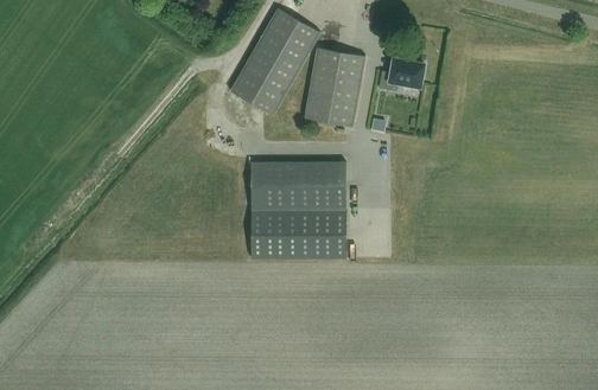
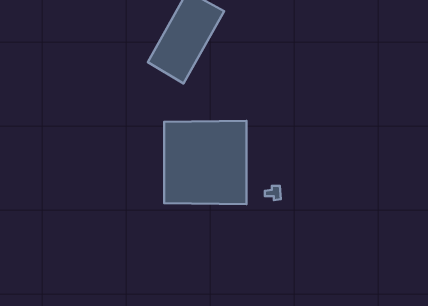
building: [305,47,365,127] -> none
building: [380,58,425,91] -> none

